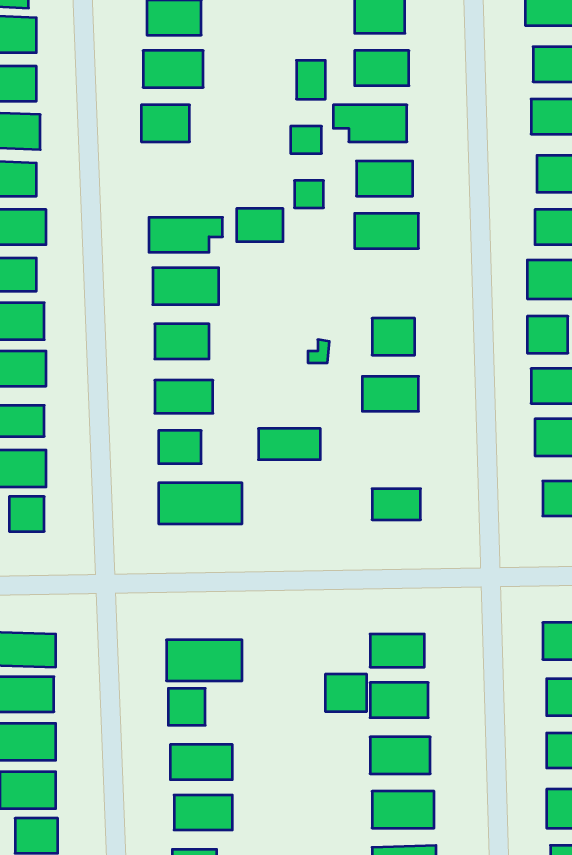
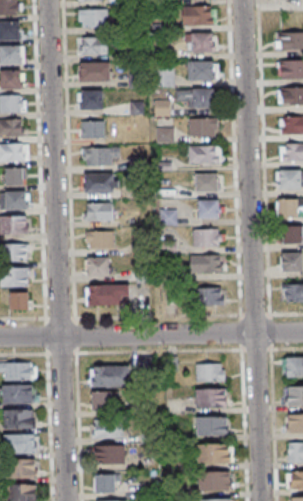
building: [237,209,283,242] -> [81,122,105,139]
building: none -> [195,174,218,192]
building: [258,429,320,460] -> [189,257,221,273]
building: [326,674,366,712] -> none

